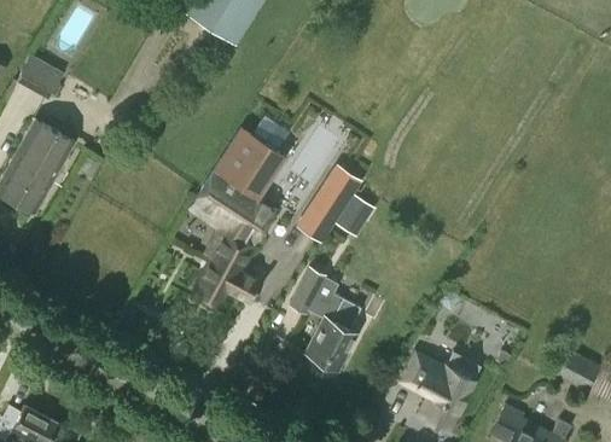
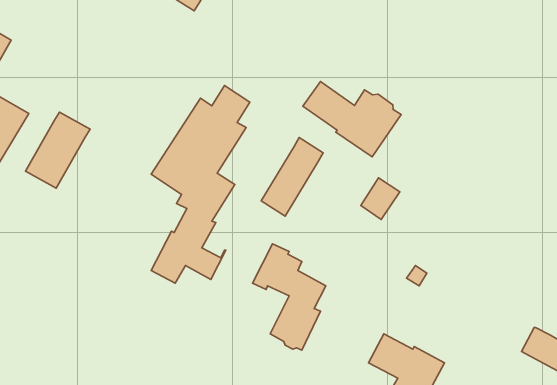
building: none -> [303,82,401,157]
building: none -> [25,112,90,188]
building: [337,194,374,234] -> [361,178,400,220]

